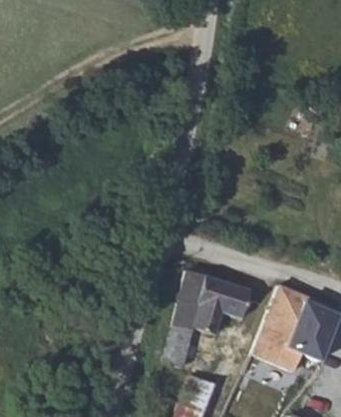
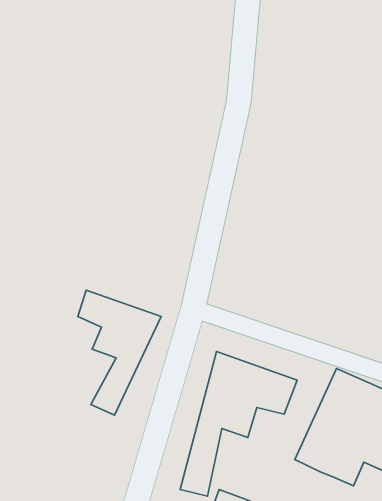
building: none -> [78,290,161,415]

